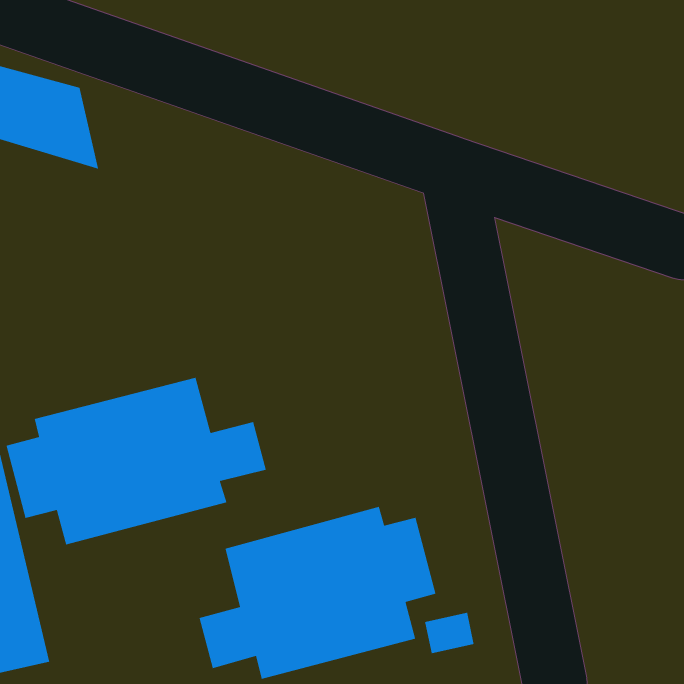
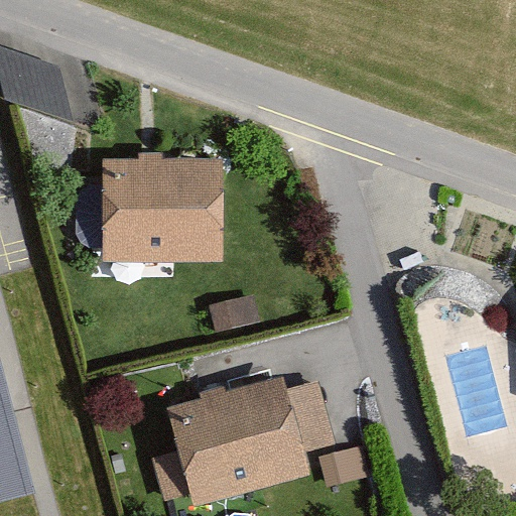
building: none -> [102,159,219,256]
building: [5,377,267,546] -> none

